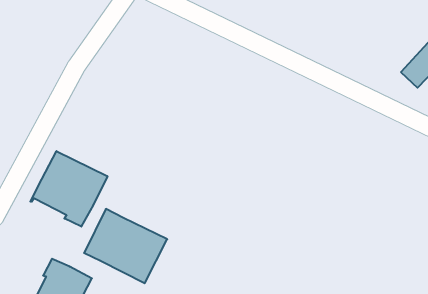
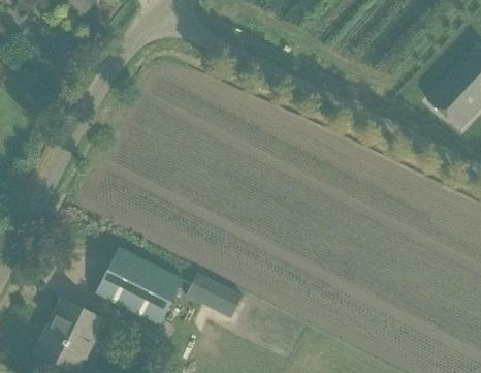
building: [30,151,107,227] -> none
building: none -> [185,271,242,316]

